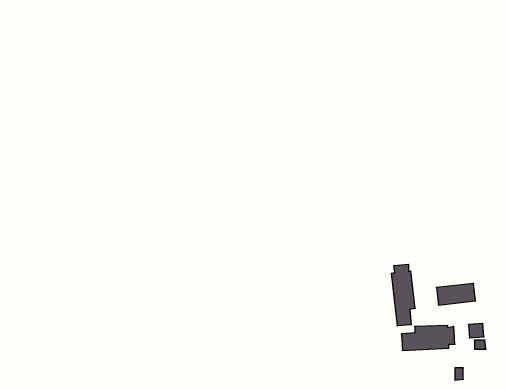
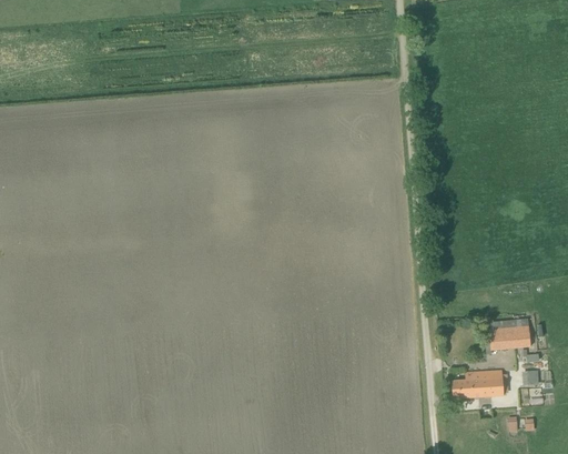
building: [391,264,415,326] -> none

